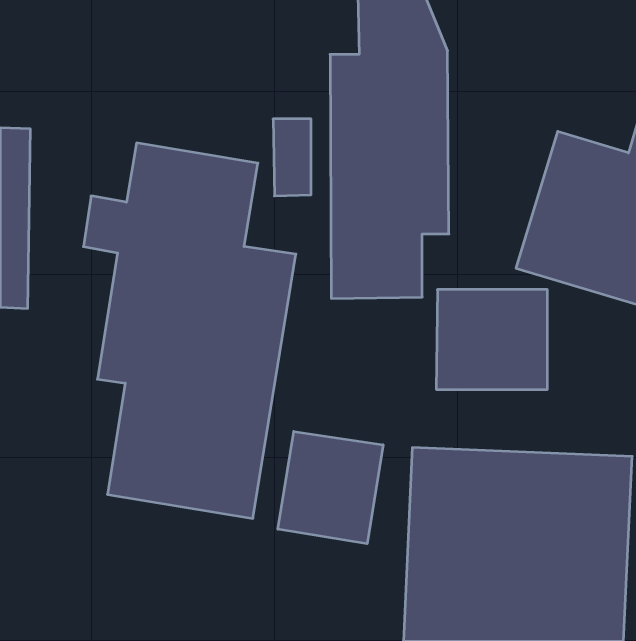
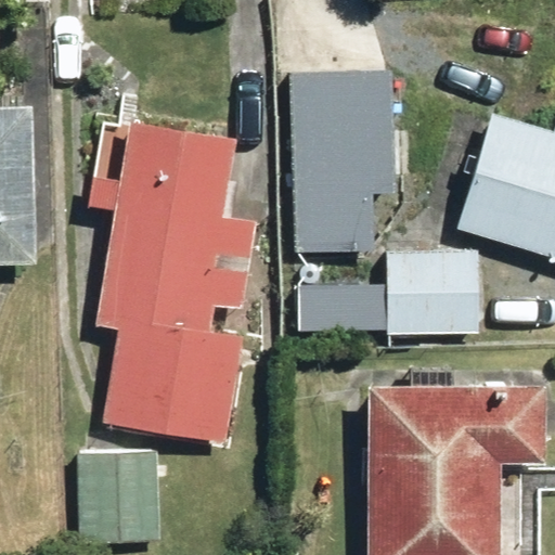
building: [278,431,383,544] -> none
building: none -> [76,446,163,543]

